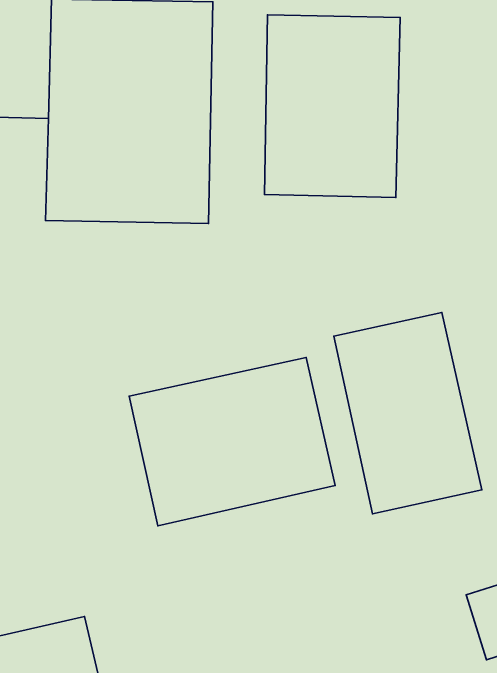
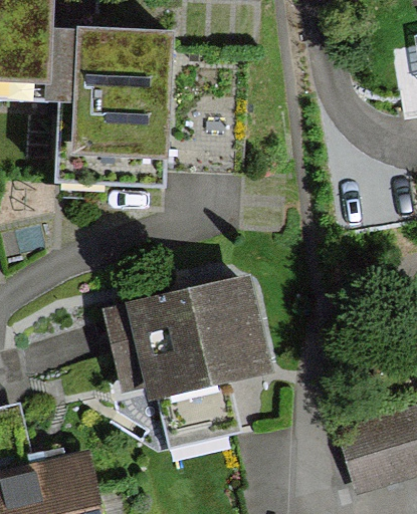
building: [264,15,400,197] -> none
building: [334,313,482,514] -> none

